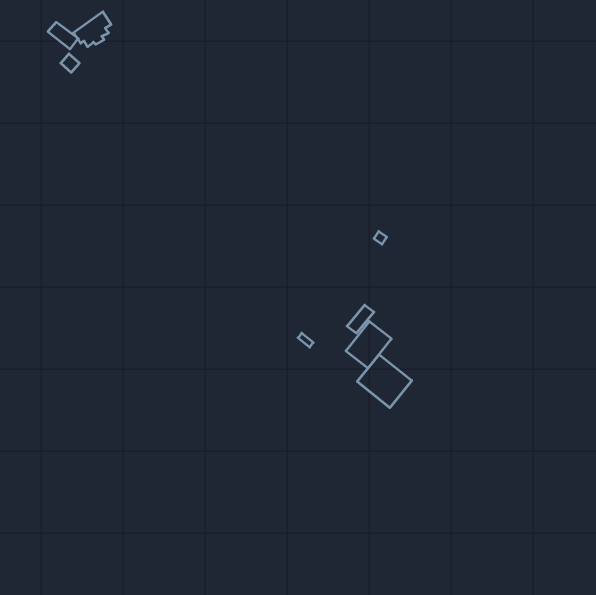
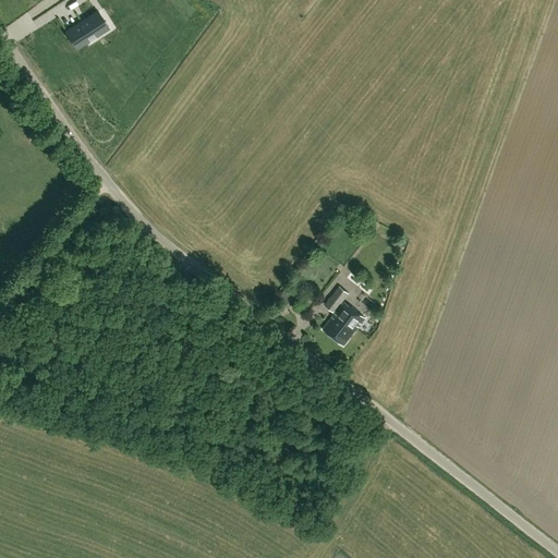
building: [357,354,412,408] -> none

